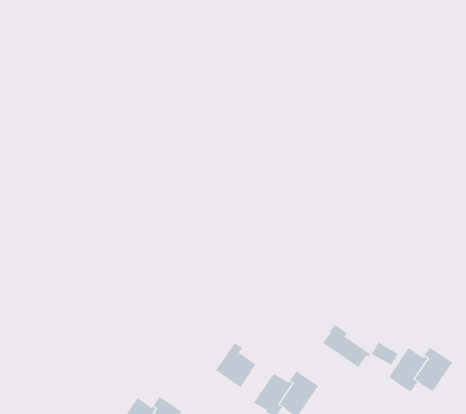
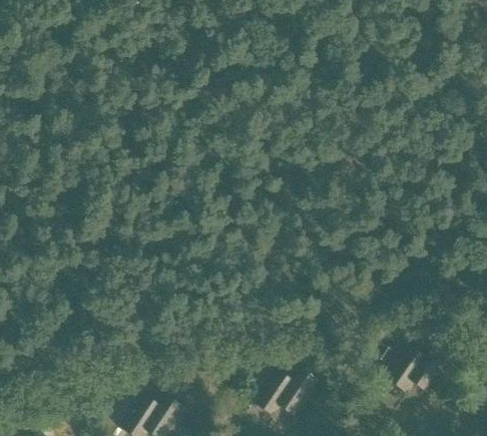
building: [322,324,371,368] -> none
building: [215,342,256,388] -> none

